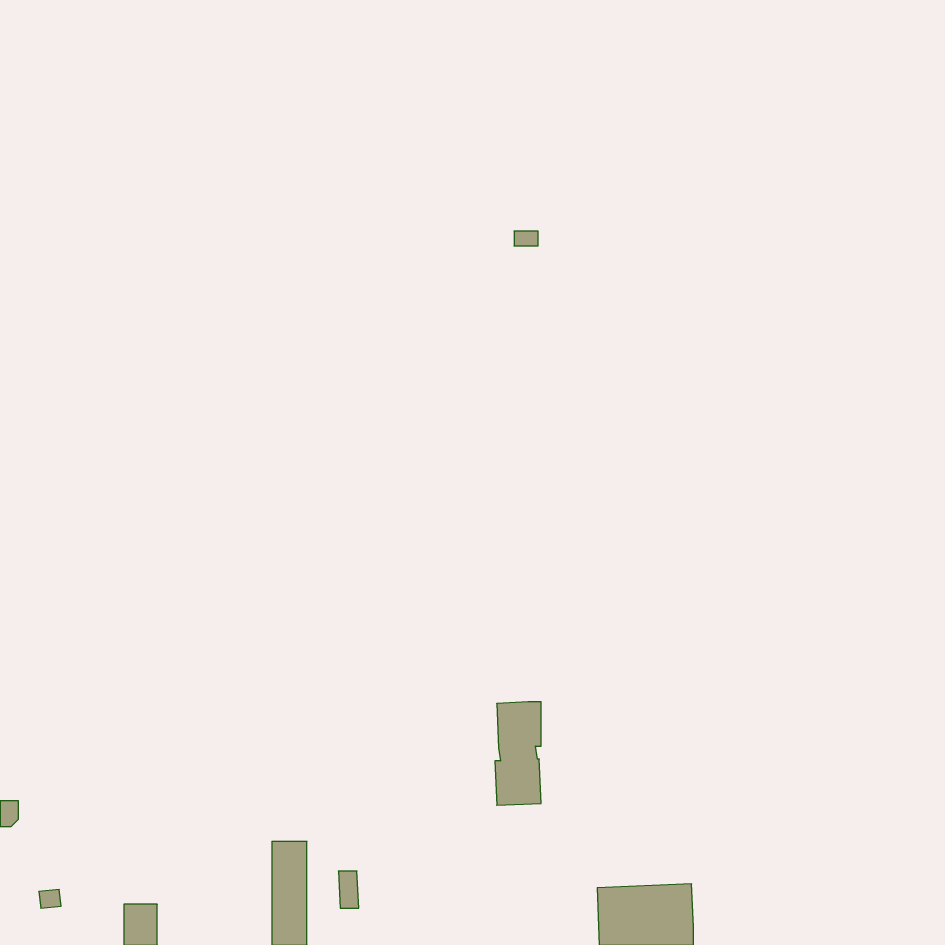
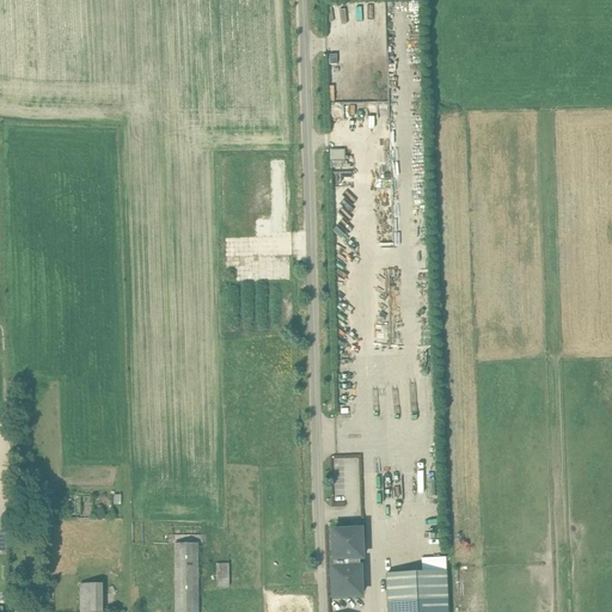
building: [495,702,541,805] -> [332,530,362,596]

